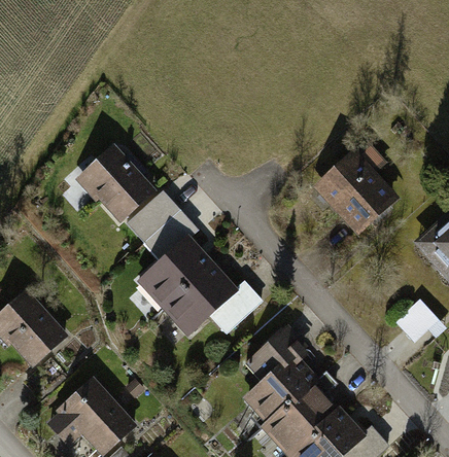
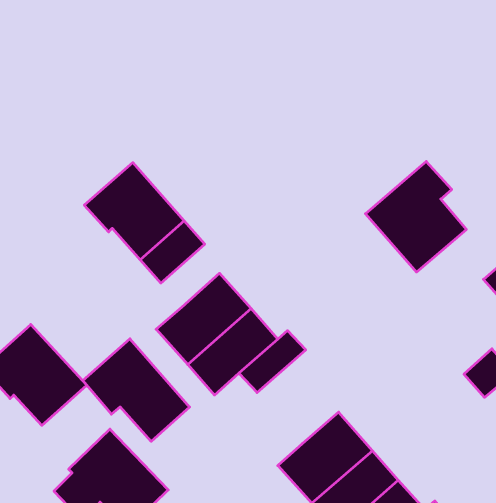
building: [140,212,196,266] -> none
building: none -> [83,339,190,441]
building: [244,328,306,381] -> none

